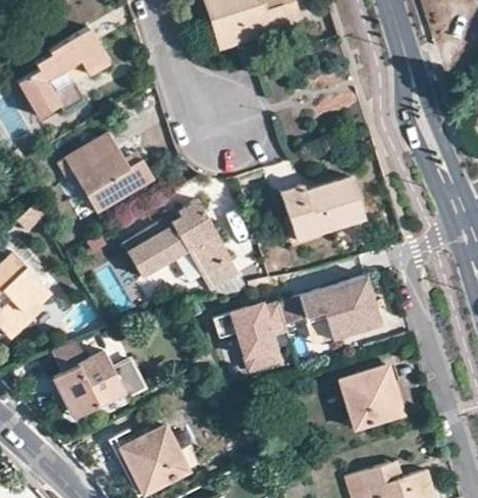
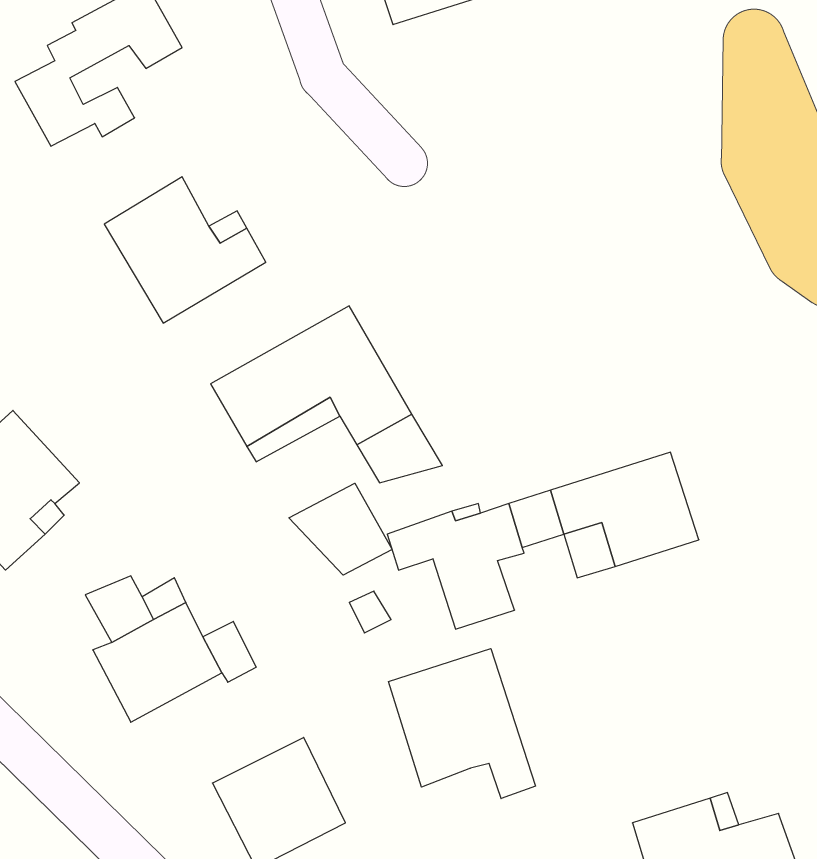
building: [282,180,365,245] -> none
building: none -> [289,483,392,575]
building: [340,367,407,435] -> none
building: none -> [388,649,535,799]

